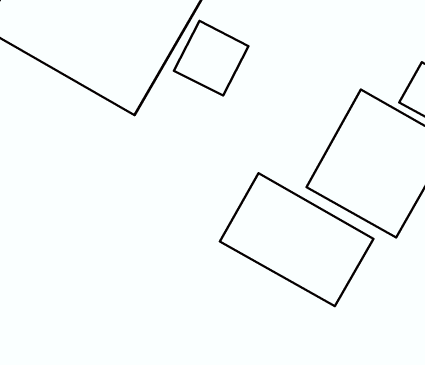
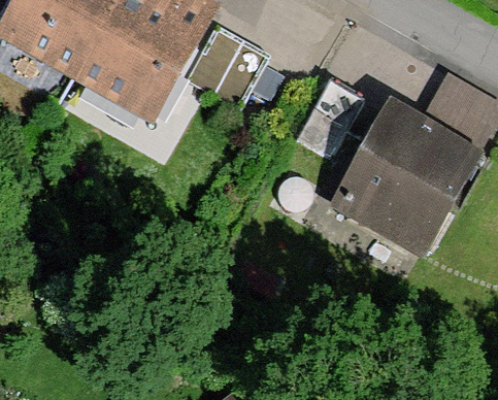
building: [220,173,373,306] -> none

